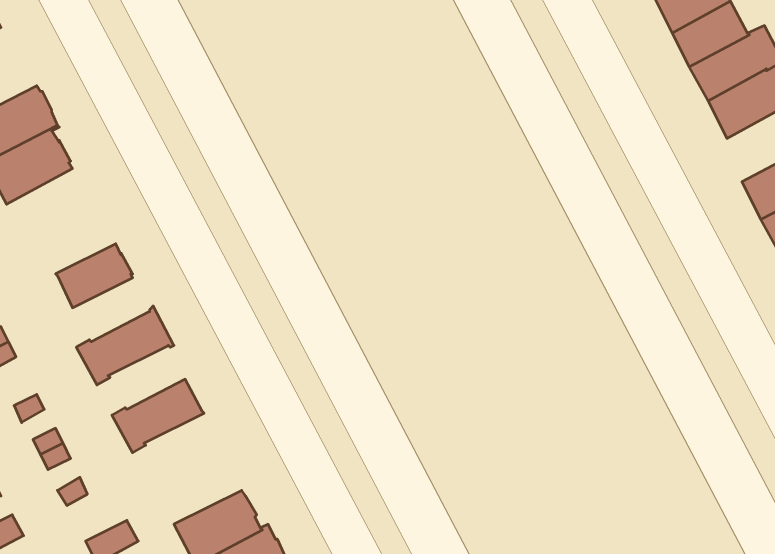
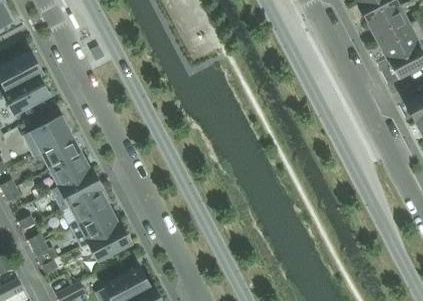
building: none -> [23,116,72,157]
building: none -> [49,154,90,188]
building: none -> [68,190,109,224]
building: none -> [87,224,131,261]

